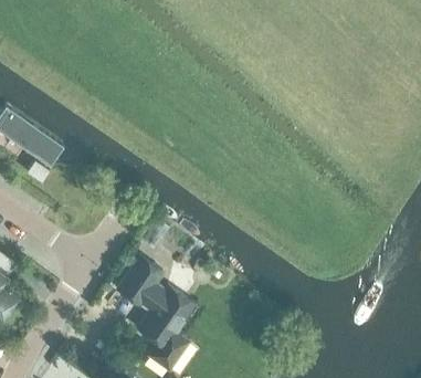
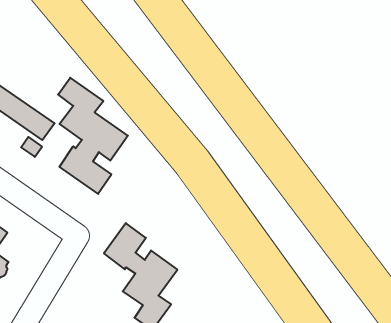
building: none -> [58,78,128,194]

